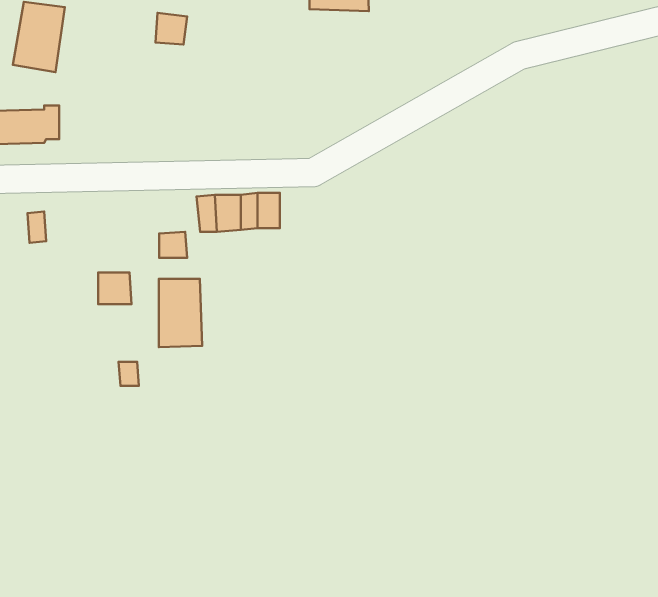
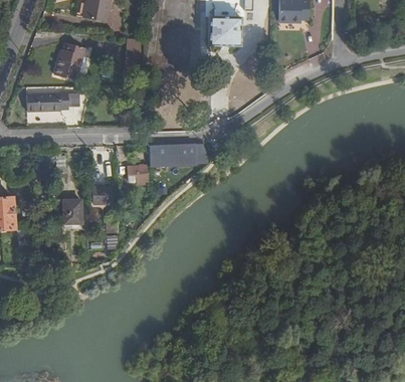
building: [159,279,202,347] -> none
building: none -> [65,200,83,222]

